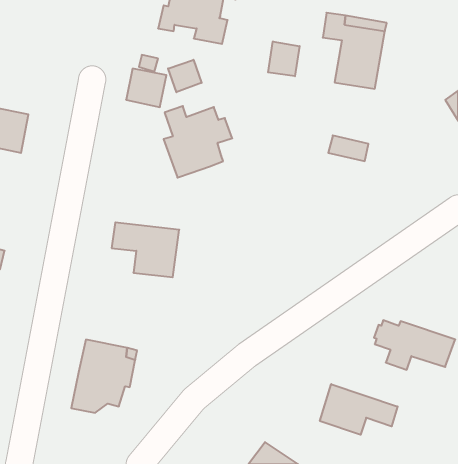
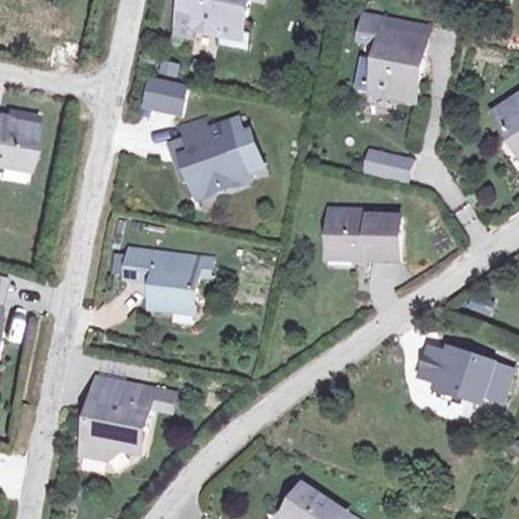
building: [268,41,300,76] -> none
building: [168,60,202,92] -> none
building: none -> [328,213,400,260]
building: [320,384,398,435] -> none

